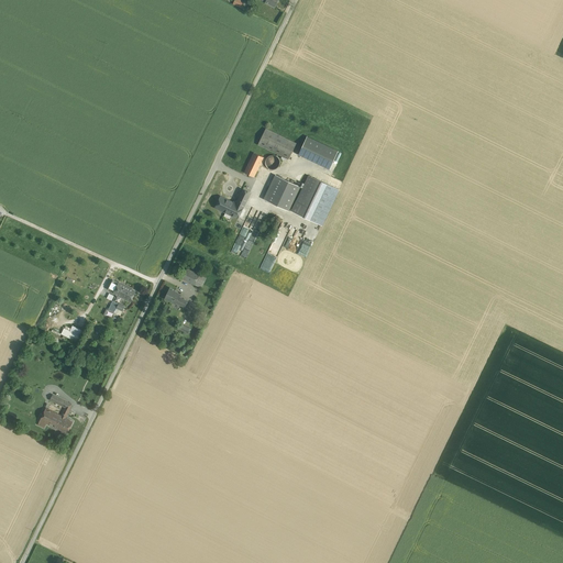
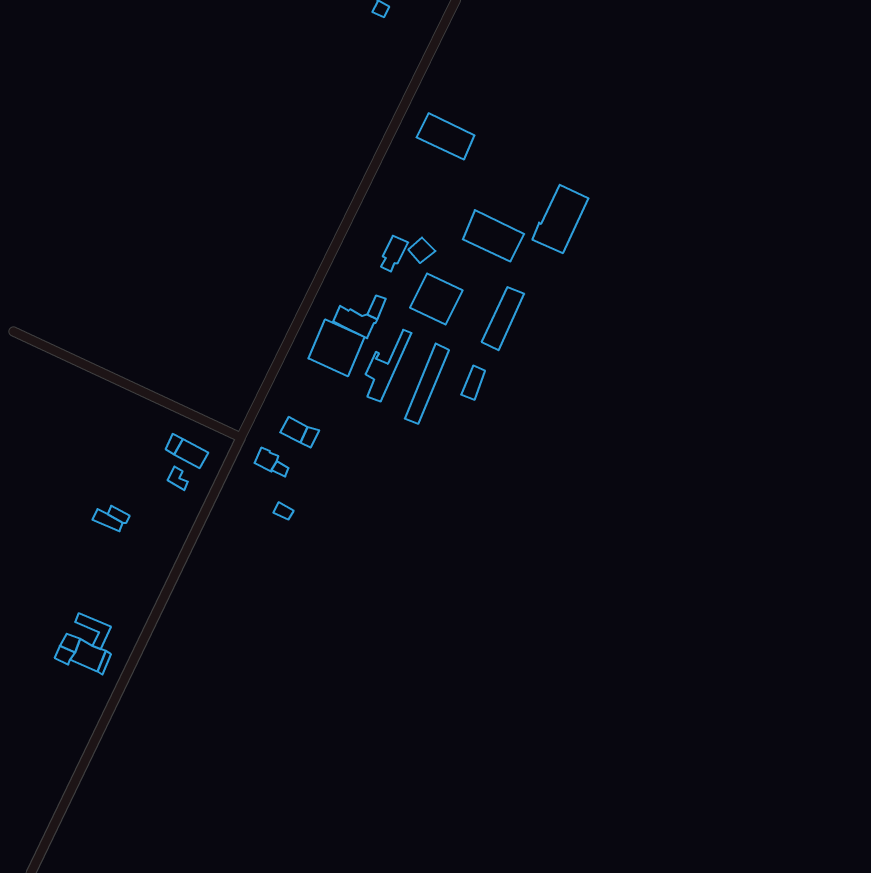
building: [257,129,295,158] -> [416,113,475,159]
building: [290,176,327,220] -> [532,185,589,253]
building: none -> [308,319,365,376]

